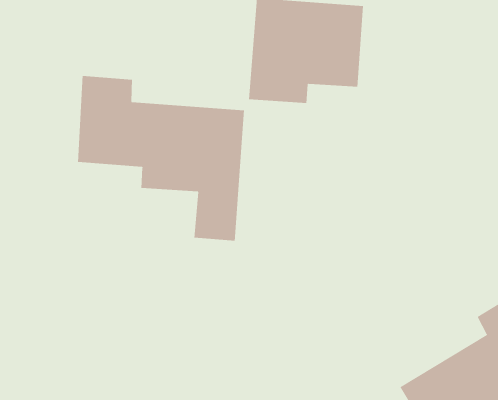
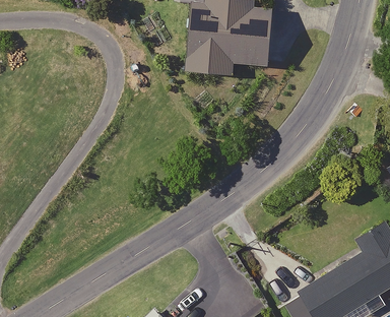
building: [77,75,245,241] -> none

